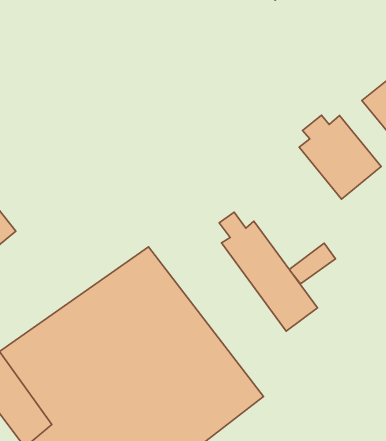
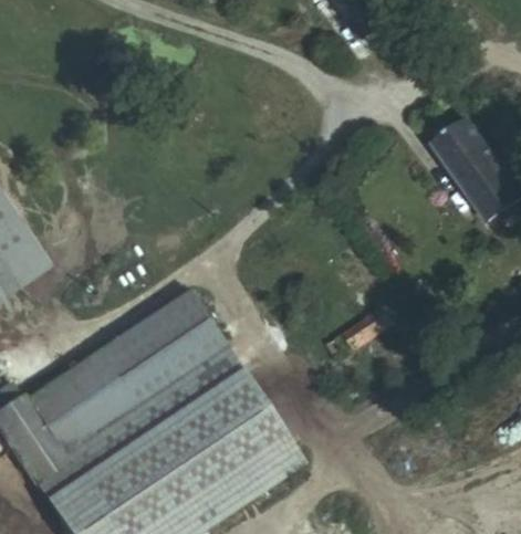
building: [299,115,381,199] -> none
building: [219,212,317,331] -> none

